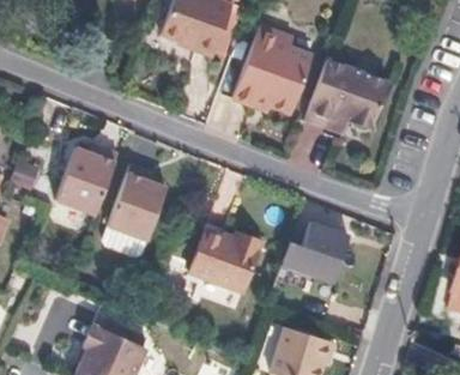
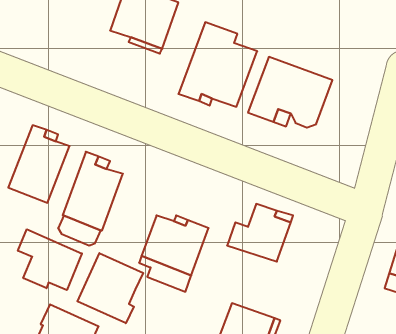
building: none -> [18,229,82,290]
building: none -> [77,253,143,323]

